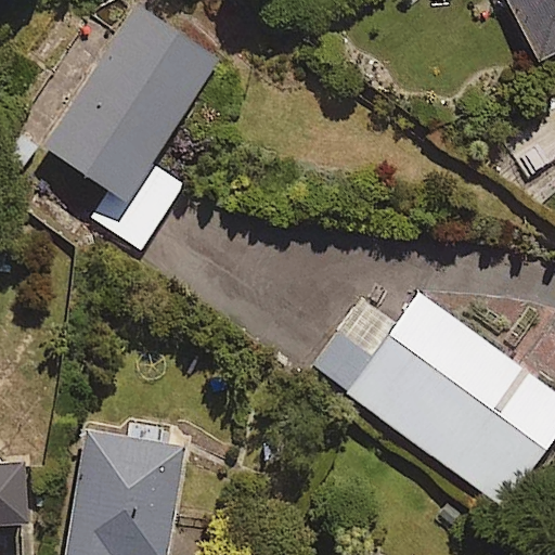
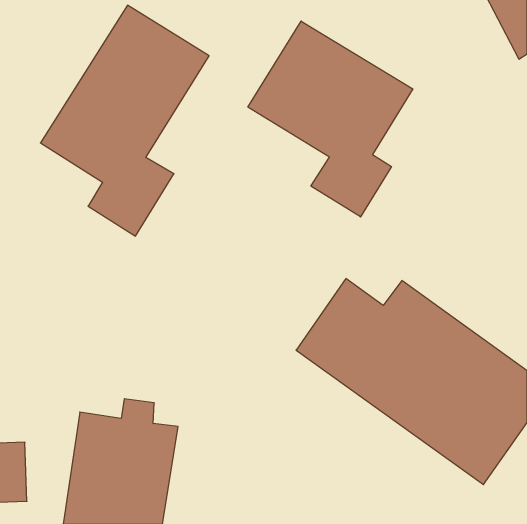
building: none -> [248,21,413,217]

